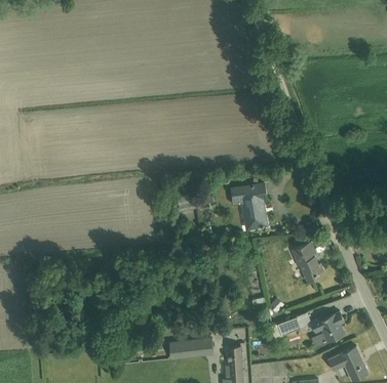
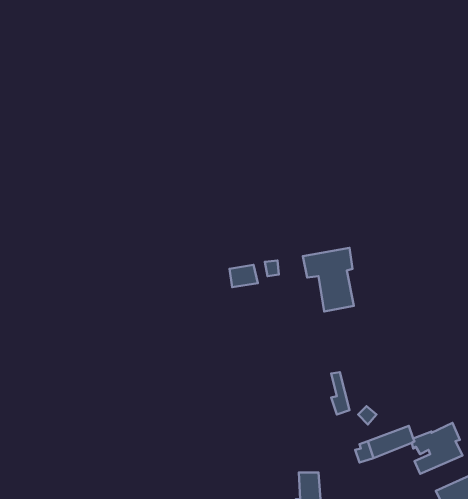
building: [291,242,323,282] -> none
building: [168,338,212,359] -> none

